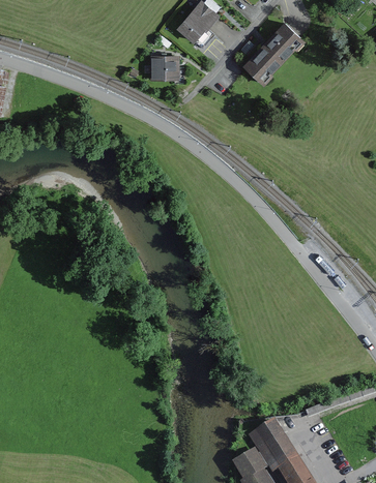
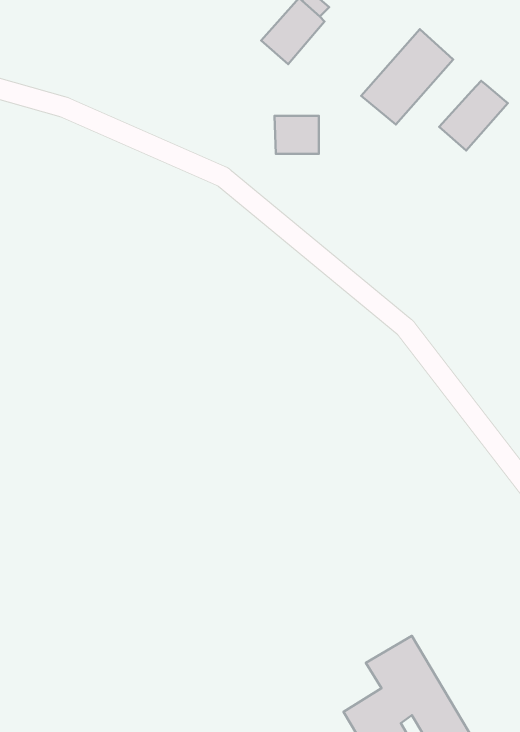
building: none -> [439,81,508,150]
building: [150,56,179,81] -> [274,116,319,154]

